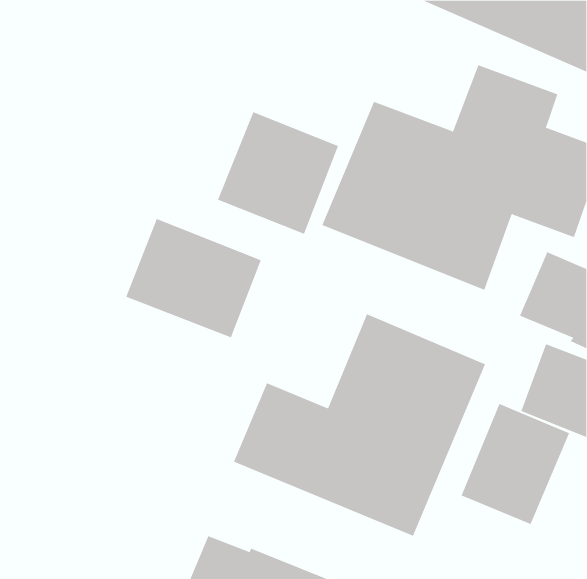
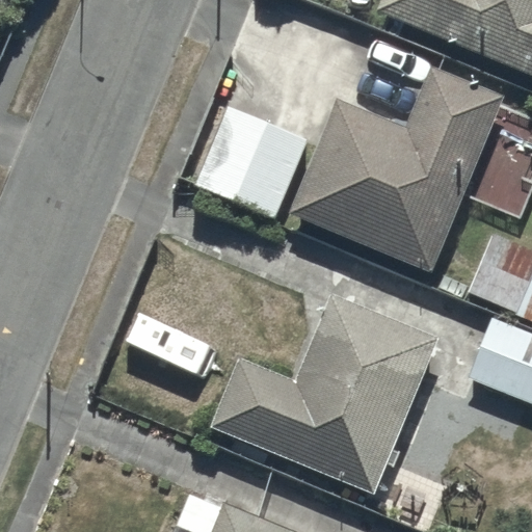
building: [125,218,261,338] -> none
building: [461,403,570,525] -> none

